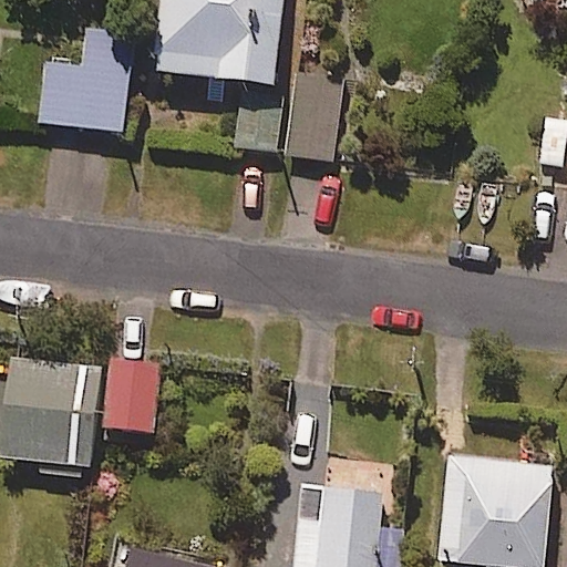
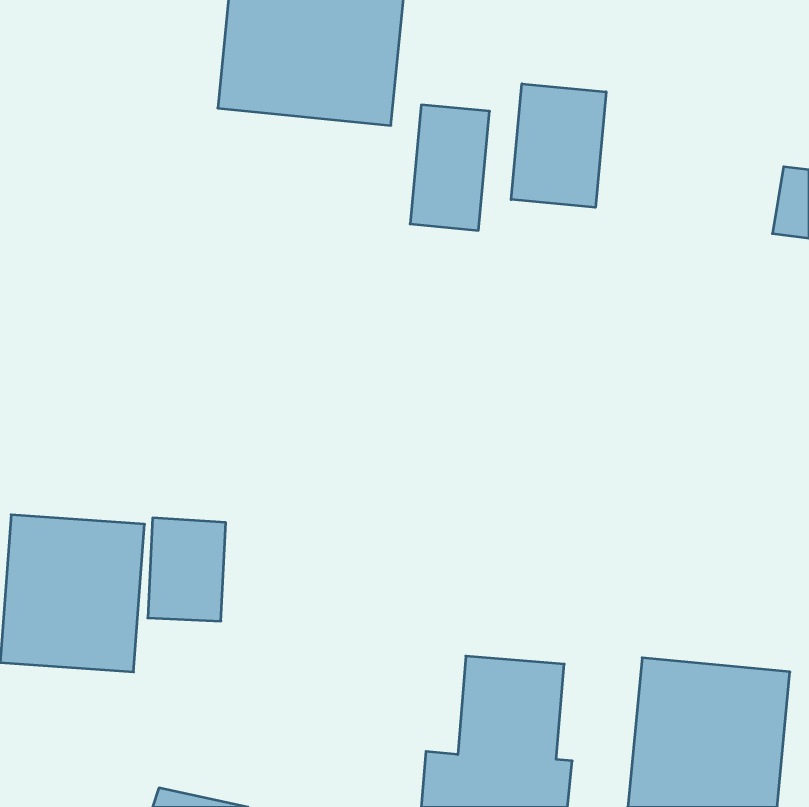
building: [39,31,131,131] -> none
building: none -> [511,84,606,207]

